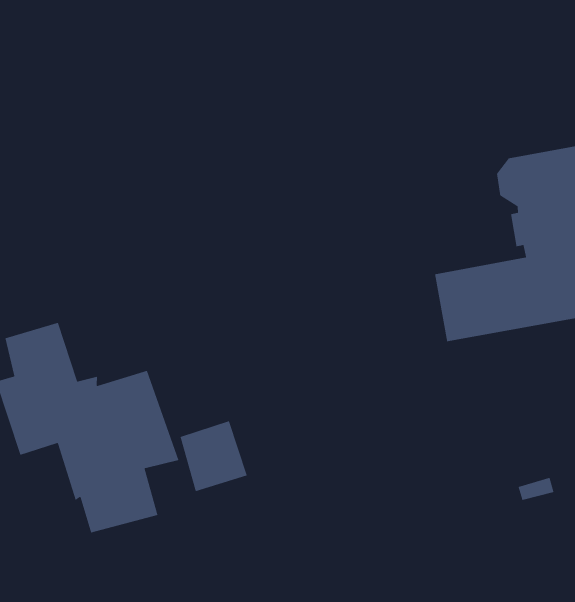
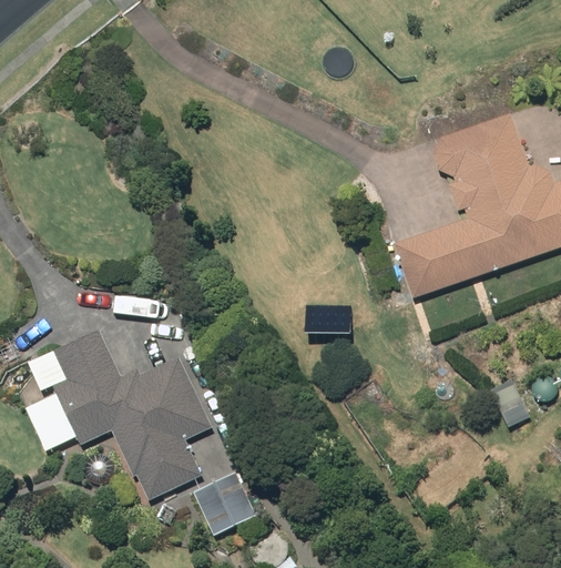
building: [179,420,248,492] -> [196,473,257,536]

